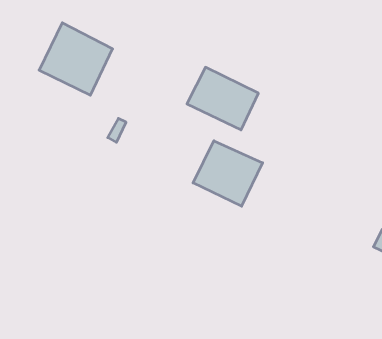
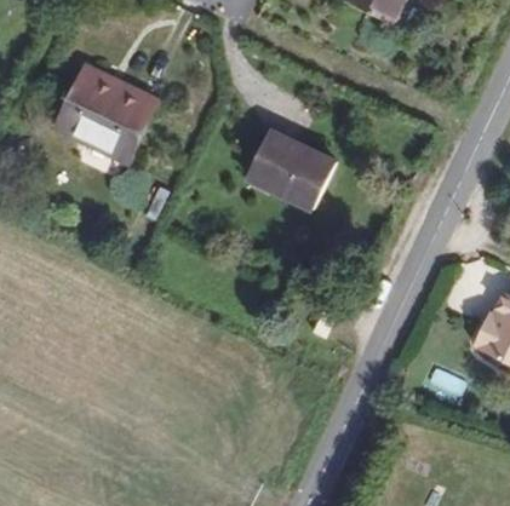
building: [193,141,263,206] -> none

